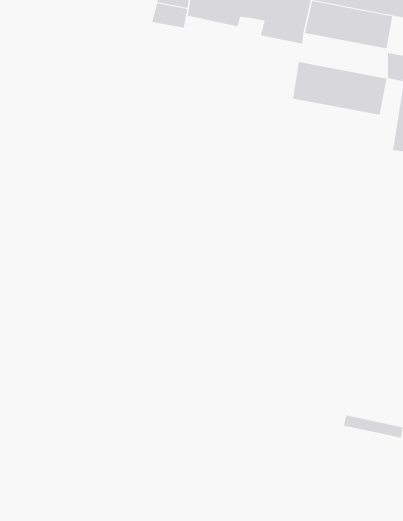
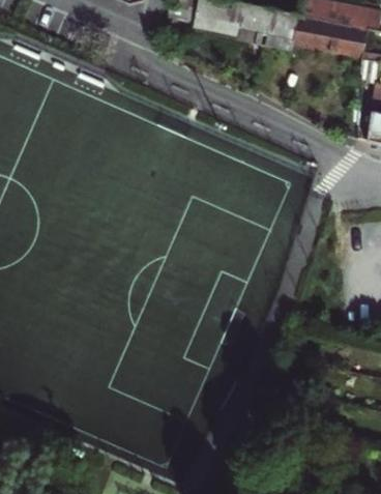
building: [292,61,387,116] -> none

